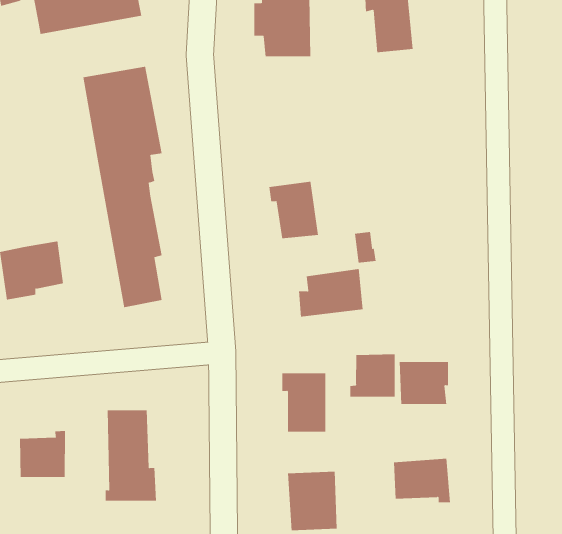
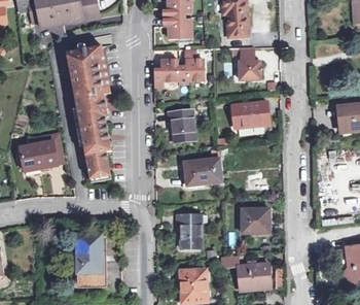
building: none -> [239,47,260,79]
building: none -> [153,49,205,88]
building: none -> [231,101,268,127]
building: none -> [33,133,65,165]
building: [350,353,395,397] -> none
building: [20,430,66,478] -> none

